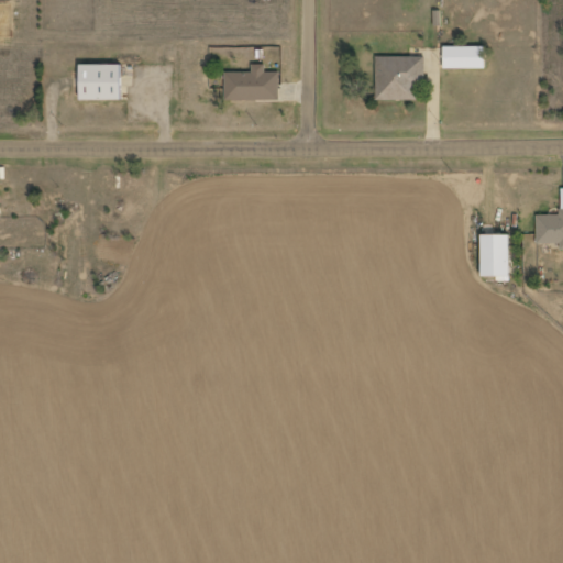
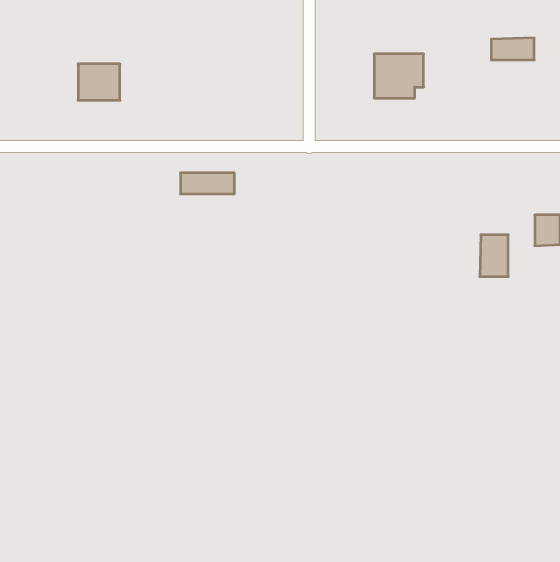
building: [441,44,484,66] -> [491,38,534,60]
building: [223,77,277,98] -> [180,173,234,194]

